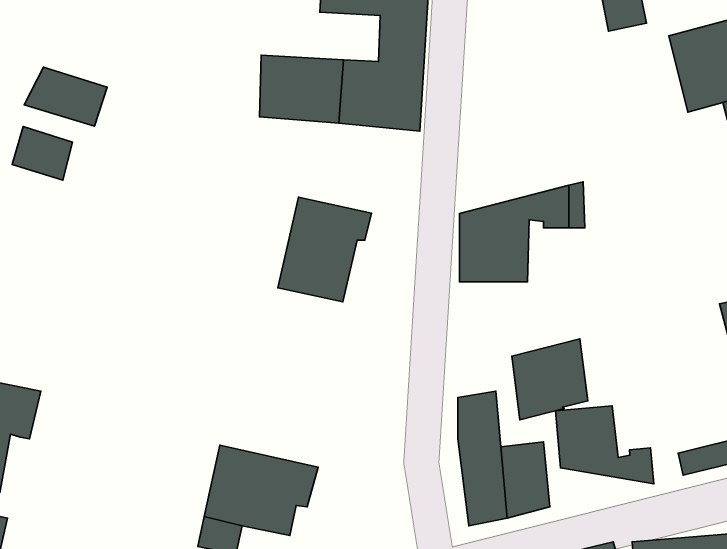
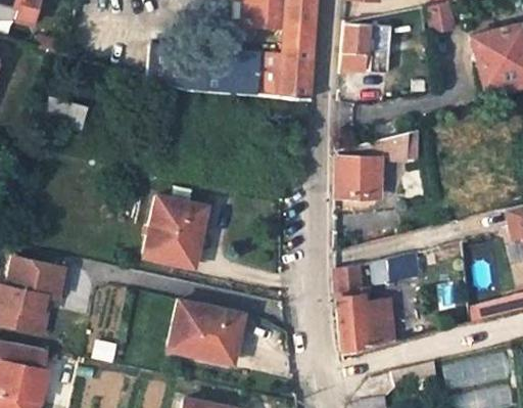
building: none -> [340,24,391,75]
building: [24,67,107,126] -> none
building: [278,197,371,302] -> [146,196,206,264]
building: [556,406,654,484] -> none

